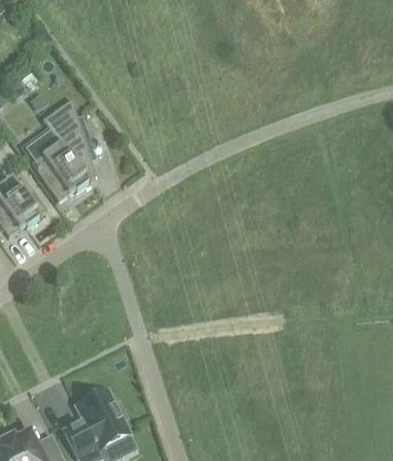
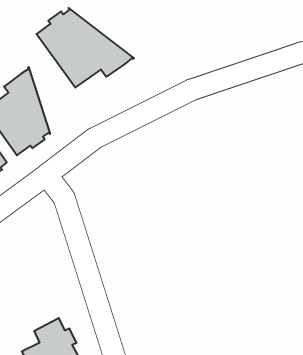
building: none -> [36,8,134,88]

